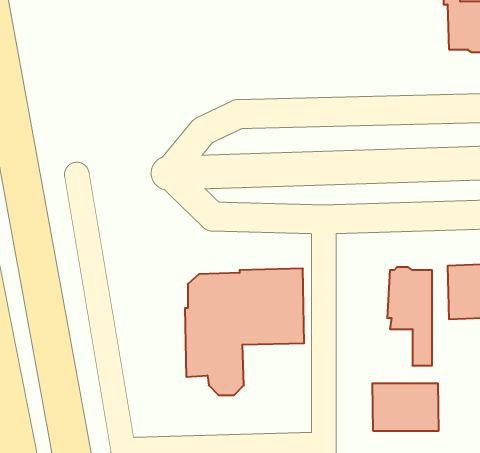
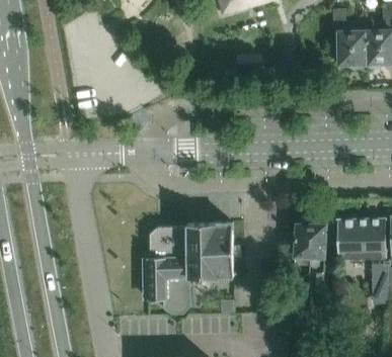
building: [372,383,438,431] -> none

